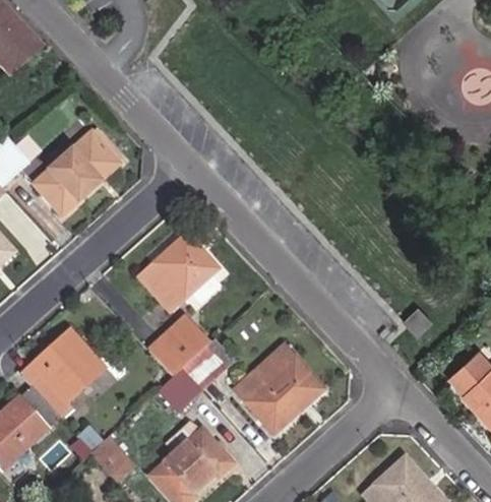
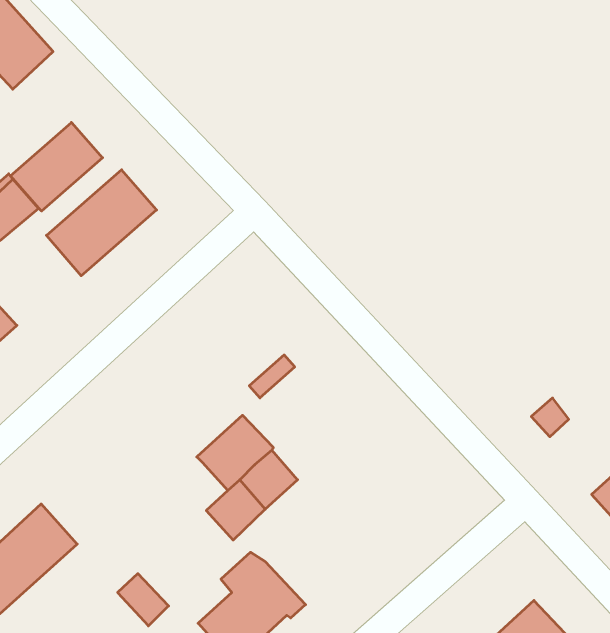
building: none -> [10,122,103,211]
building: [140,235,217,310] -> none
building: [32,330,104,417] -> none
building: [236,347,321,432] -> none

